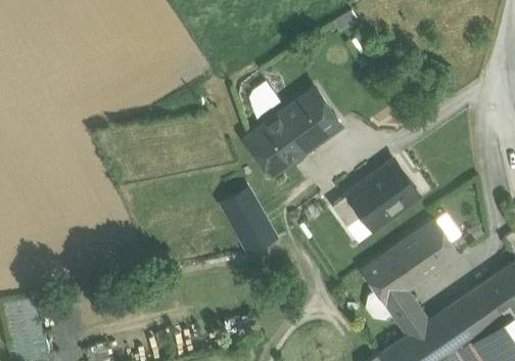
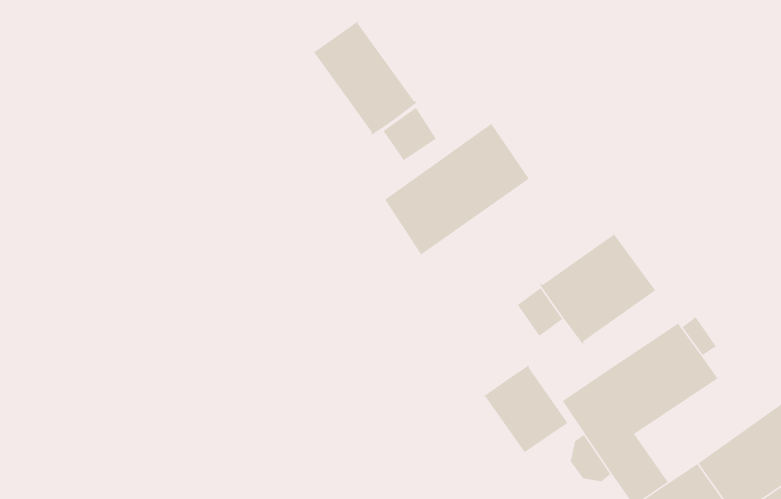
building: none -> [313,20,417,136]
building: [224,191,271,245] -> none
building: none -> [483,365,568,454]

